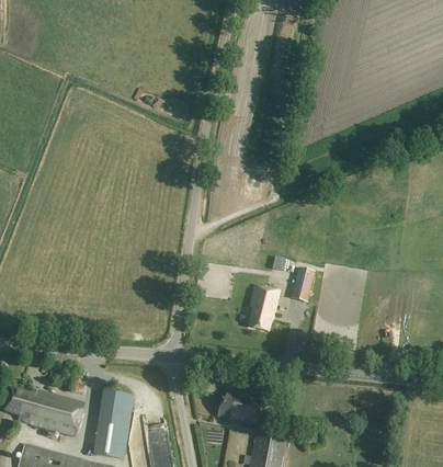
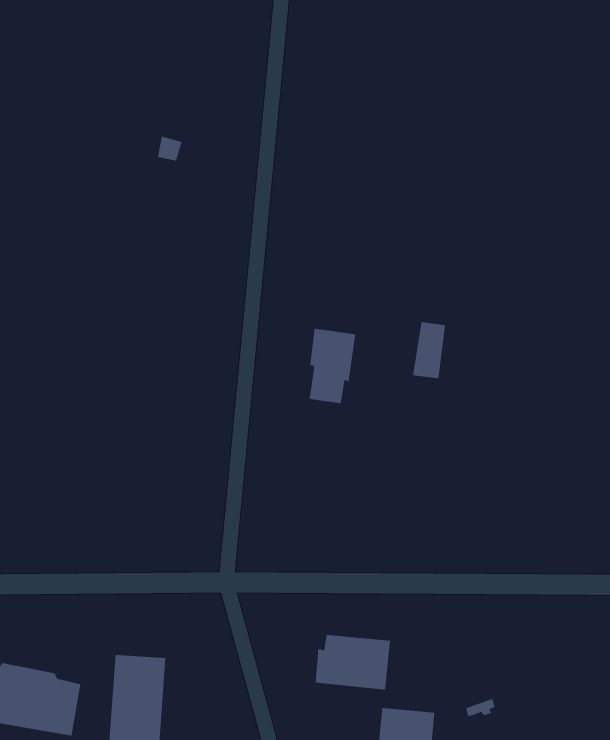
building: [292,267,314,301] -> [412,322,446,379]
building: [249,285,280,330] -> [309,328,356,404]

